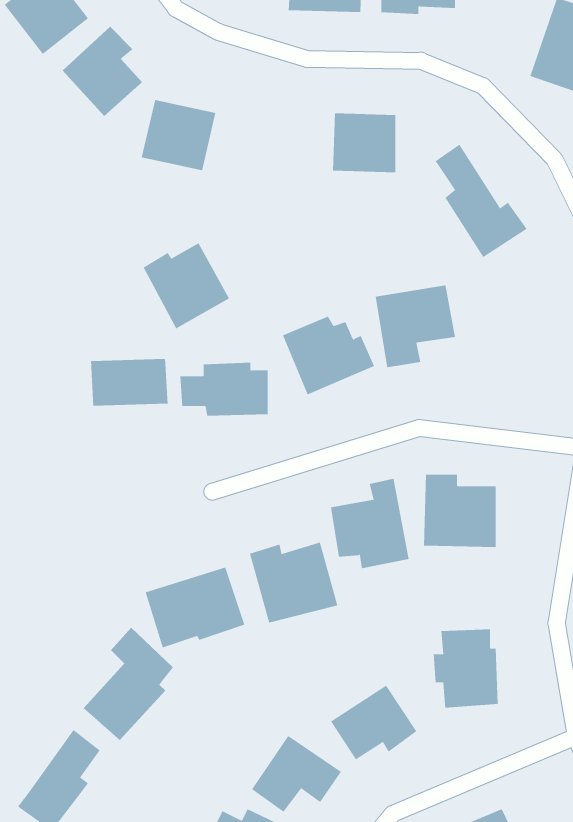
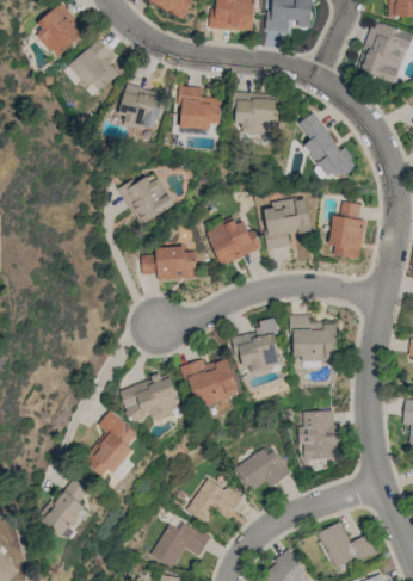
building: none -> [177,87,222,130]
building: none -> [329,202,364,260]
building: [91,358,168,407] -> none

